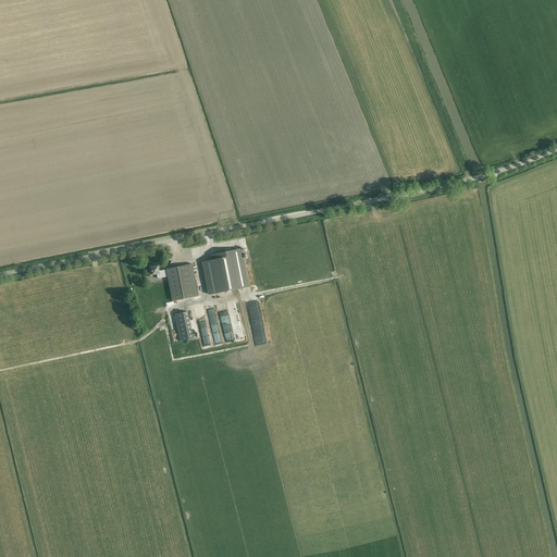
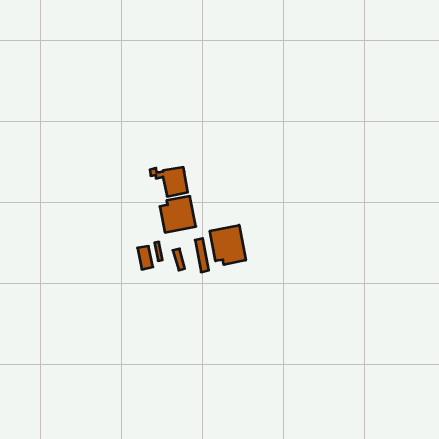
building: [150,263,198,300] -> [150,167,188,196]
building: none -> [210,225,246,265]

